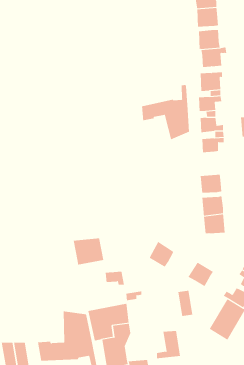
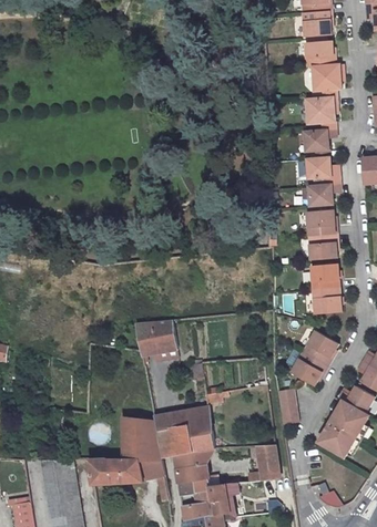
building: [141,84,190,140] -> none
building: none -> [305,209,334,237]
building: [149,241,174,268] -> [303,330,337,365]

